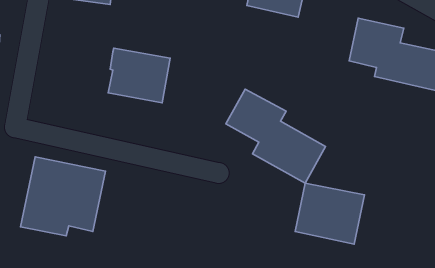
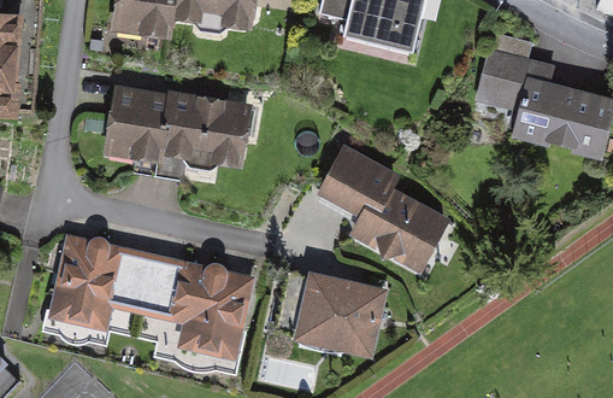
building: none -> [105,87,169,160]
building: none -> [142,254,250,369]
building: [295,183,364,244] -> [295,274,387,355]

